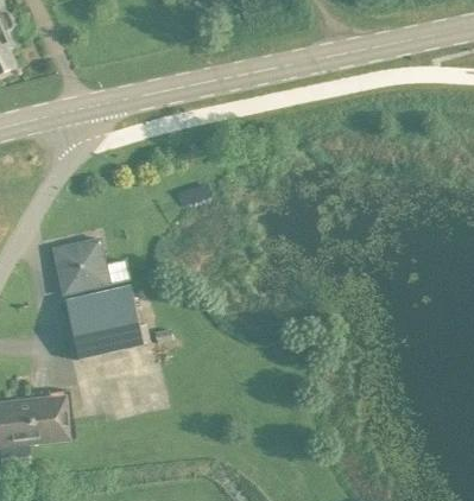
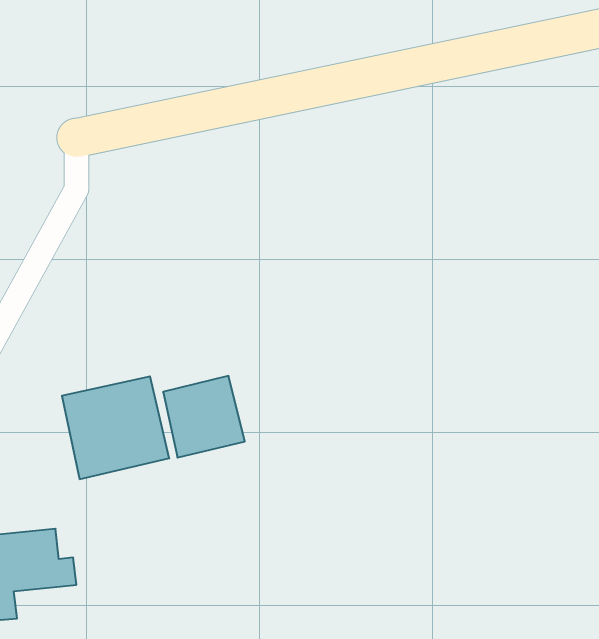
building: [50,234,110,294] -> [163,376,245,458]

